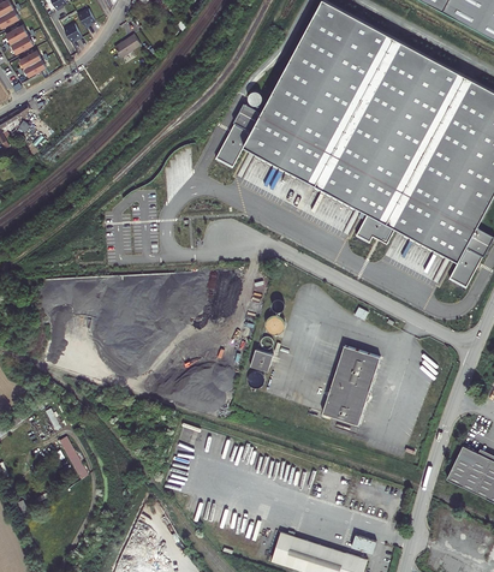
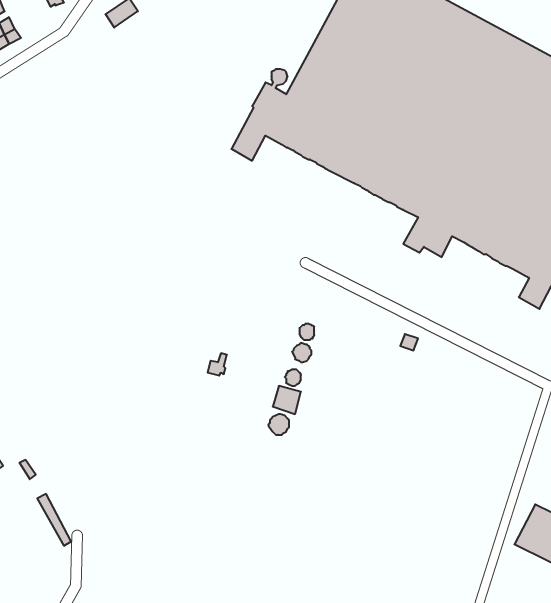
building: [322,346,380,425] -> none

